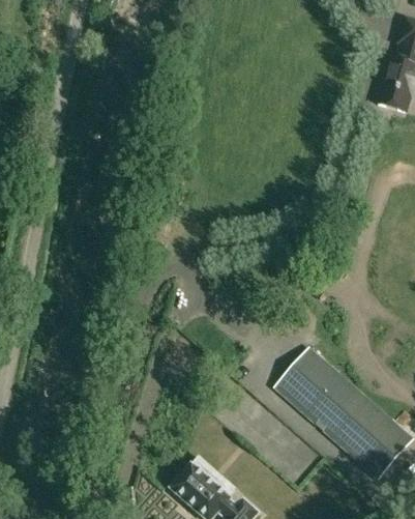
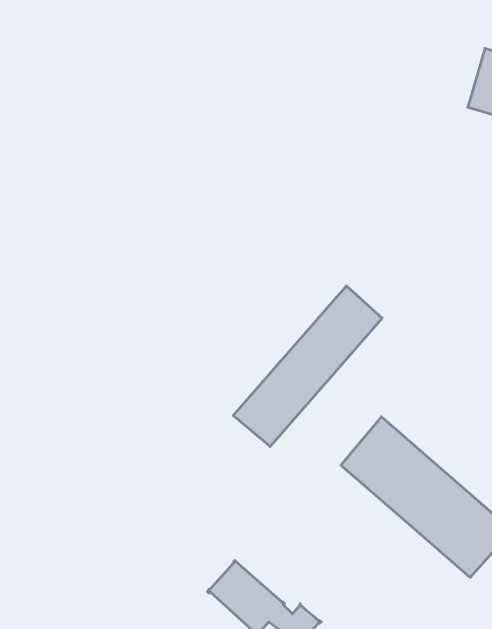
building: none -> [233,286,382,447]

